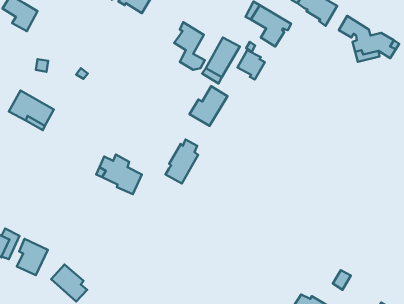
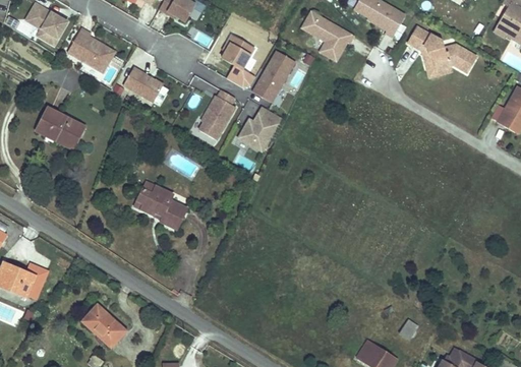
building: none -> [68,26,116,71]
building: [237,50,265,80] -> none
building: none -> [122,67,162,103]
building: [166,139,198,184] -> [199,88,236,138]
building: [17,239,48,275] -> none

